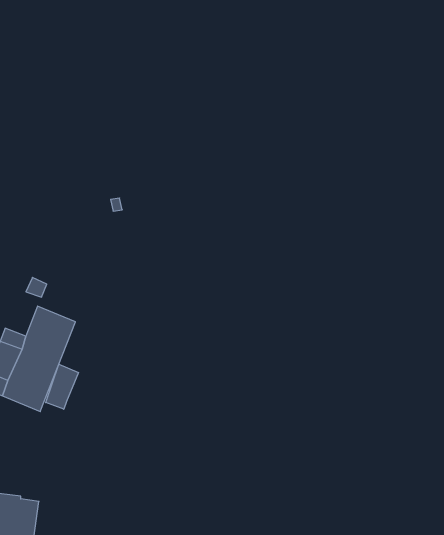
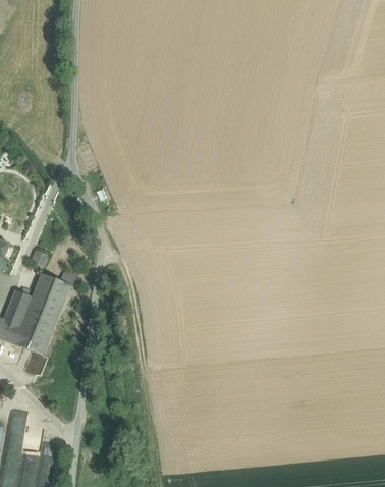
building: [46,364,78,409] -> none

